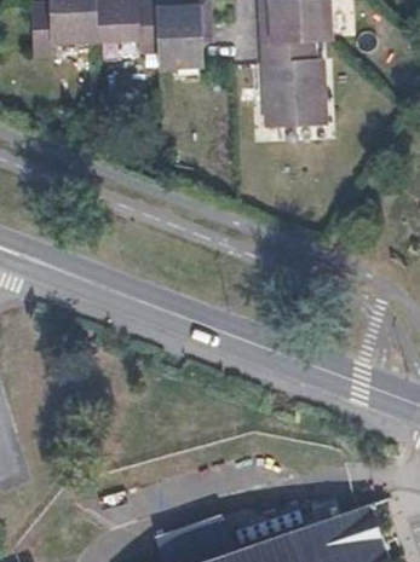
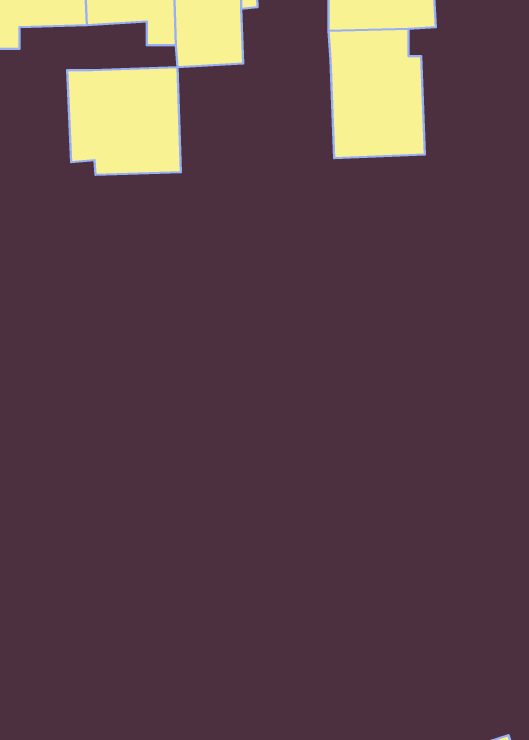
building: none -> [67,67,181,175]

